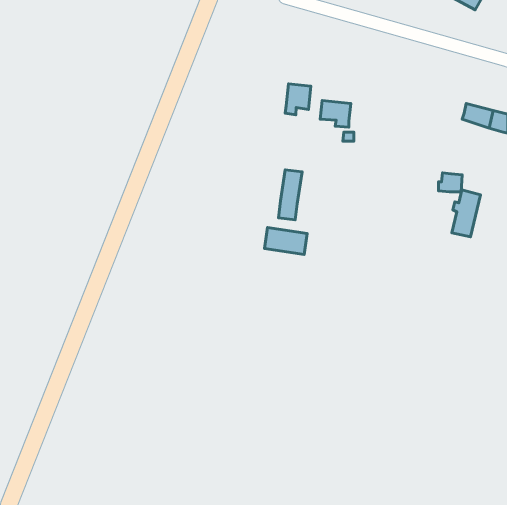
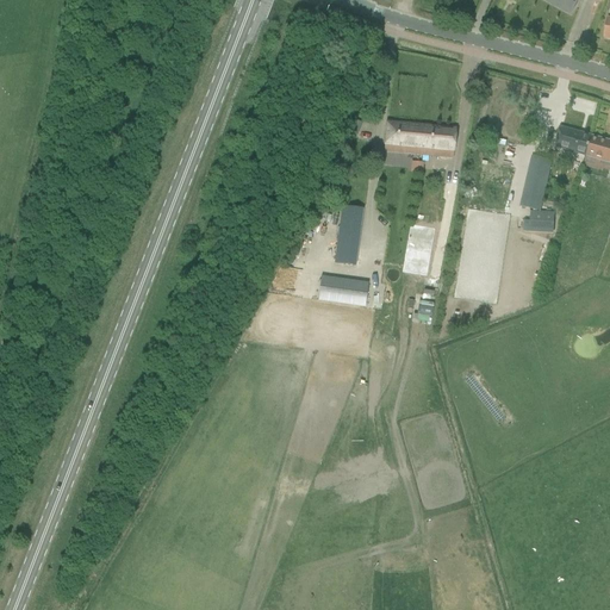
building: [285,84,311,115] -> none
building: none -> [419,124,456,156]
building: [452,190,481,237] -> [519,152,554,208]

